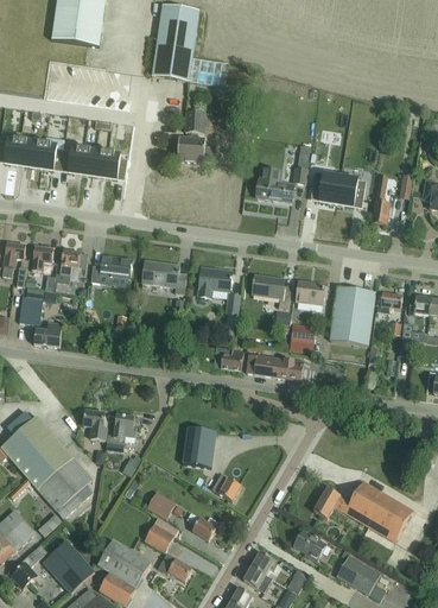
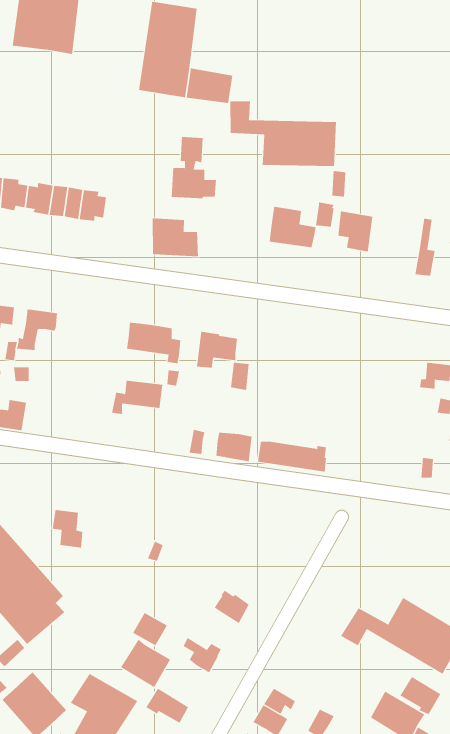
building: none -> [230,100,337,167]
building: [336,176,366,207] -> none
building: none -> [152,218,198,257]
building: [90,255,132,283] -> [111,380,163,414]
building: [253,274,291,308] -> none
building: [296,280,325,304] -> none
building: [330,286,375,346] -> none
building: [290,323,316,353] -> none
building: [107,413,137,451] -> none
building: [182,428,216,471] -> none
building: [293,530,326,560] -> [399,676,441,715]

